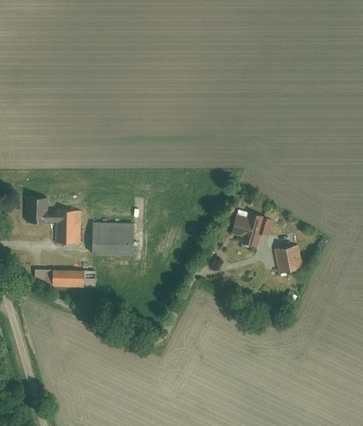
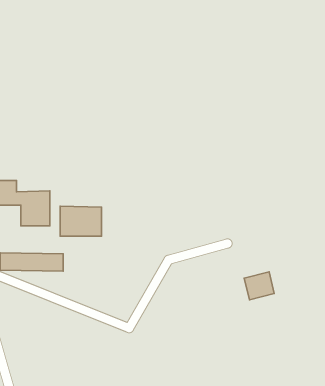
building: [230,211,274,247] -> none
building: [273,246,302,273] -> [244,272,274,300]

